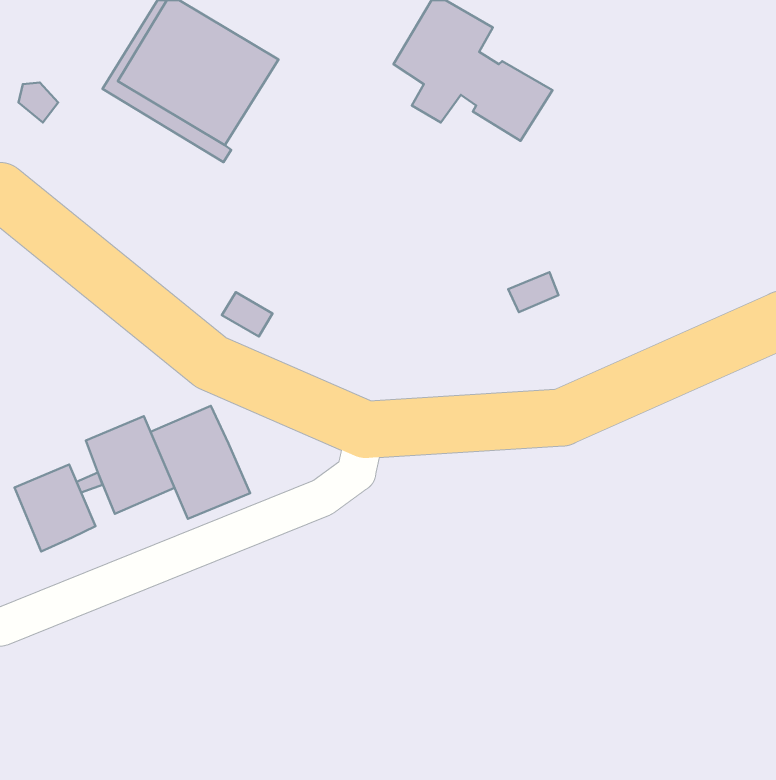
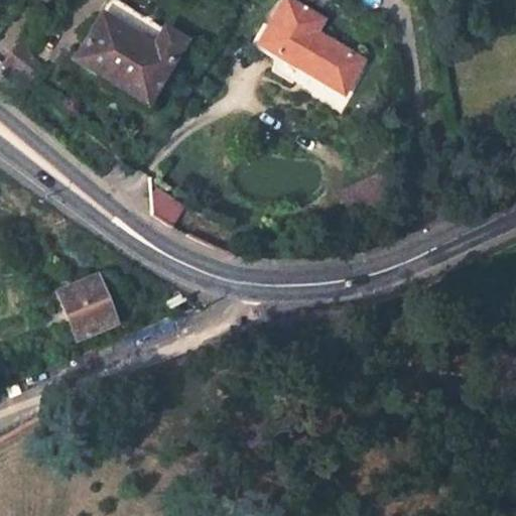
building: [151,406,250,519] -> none
building: [15,464,96,551] -> none

